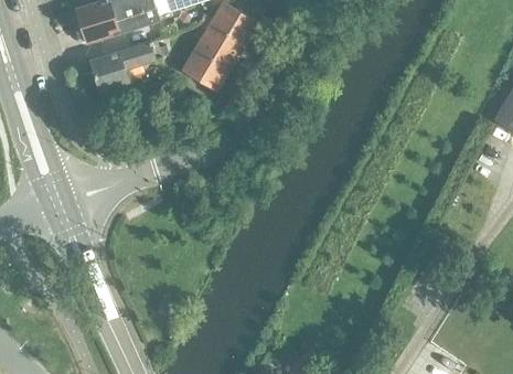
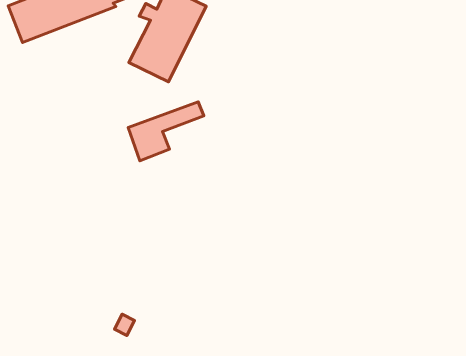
building: [89,39,159,89] -> [128,102,204,161]

